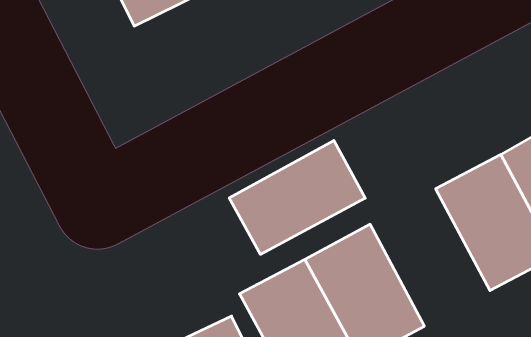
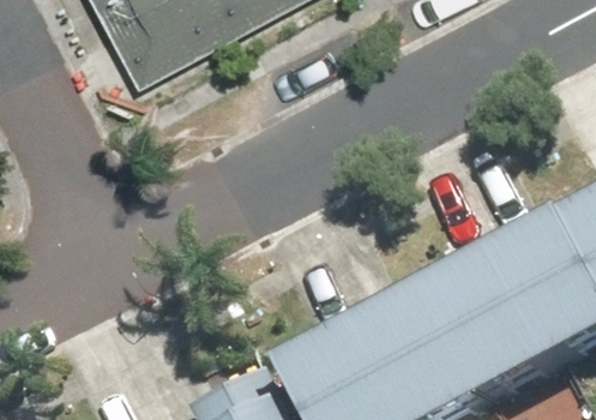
building: [229,140,365,254] -> none
building: none -> [413,244,542,392]

